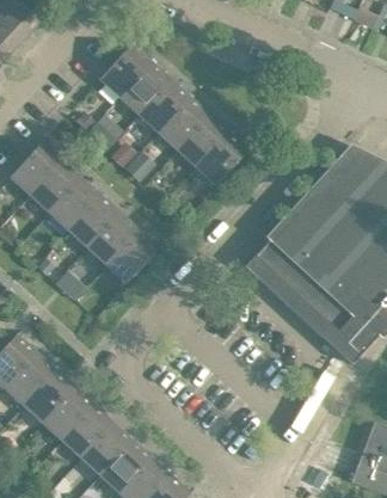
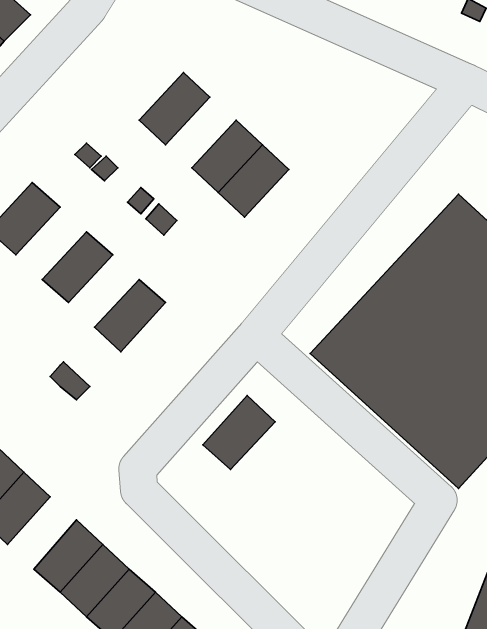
building: [99,44,152,97] -> none
building: [139,80,190,131] -> none
building: [196,133,248,185] -> none
building: [30,160,81,213] -> none
building: [68,195,119,247] -> none
building: [106,229,159,283] -> [203,395,275,470]
building: [24,370,74,423] -> none

